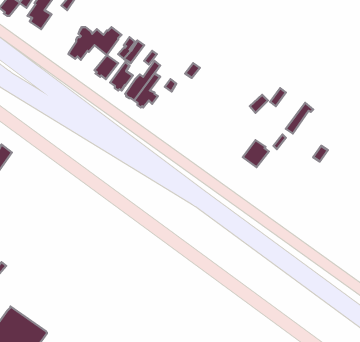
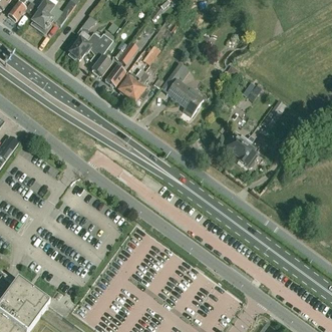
building: none -> [168,80,205,116]
building: none -> [235,141,260,169]

